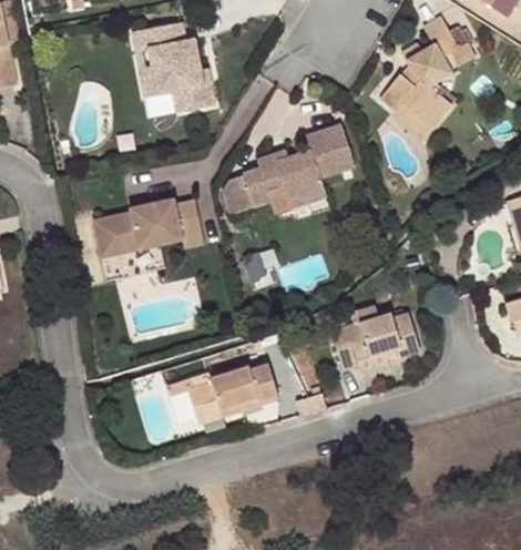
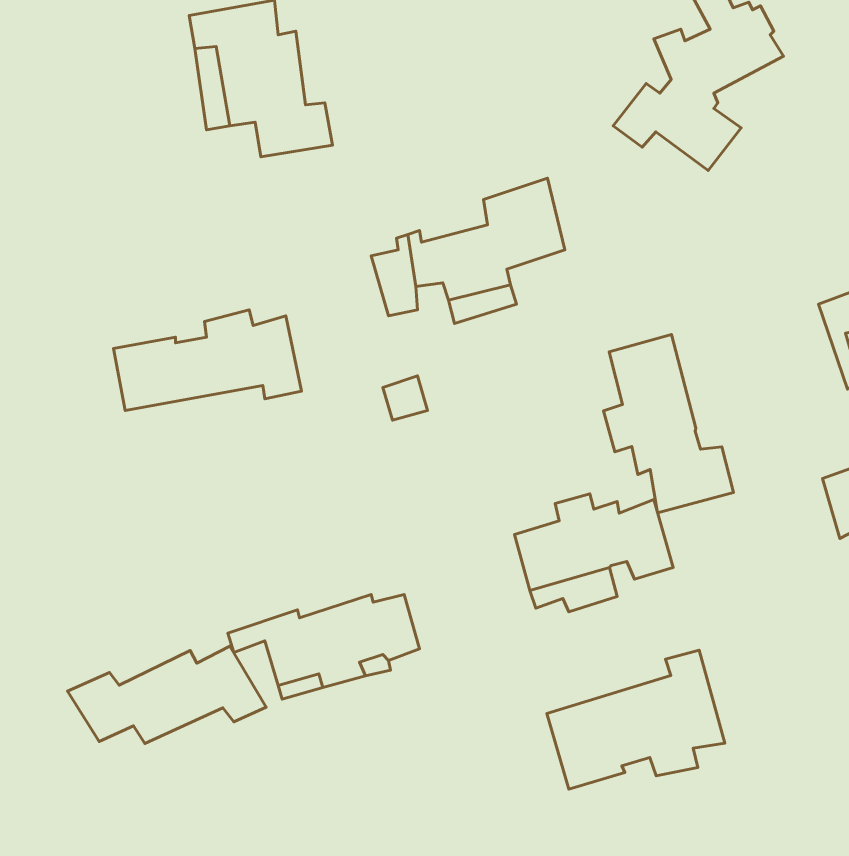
building: none -> [604,335,733,513]
building: none -> [67,646,266,743]
building: none -> [547,650,725,789]

